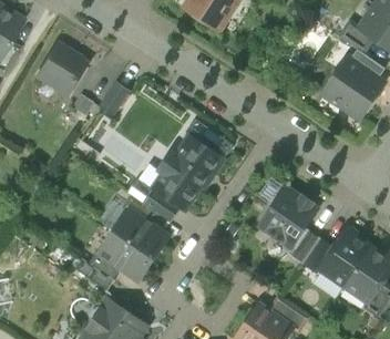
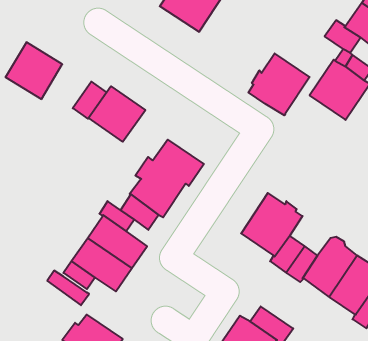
building: none -> [248,53,310,115]
building: none -> [88,86,145,142]

